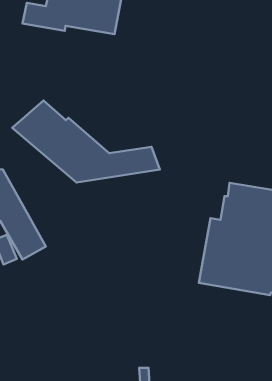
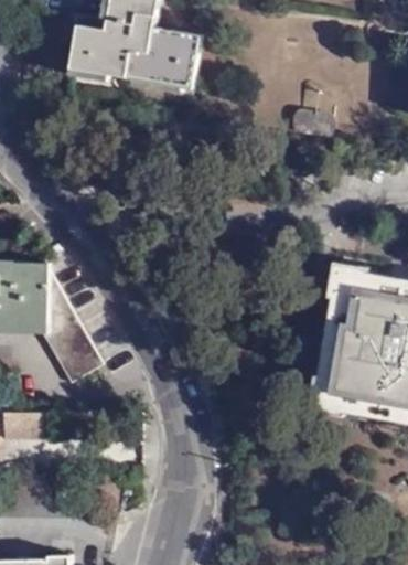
building: [12,100,160,183] -> none

